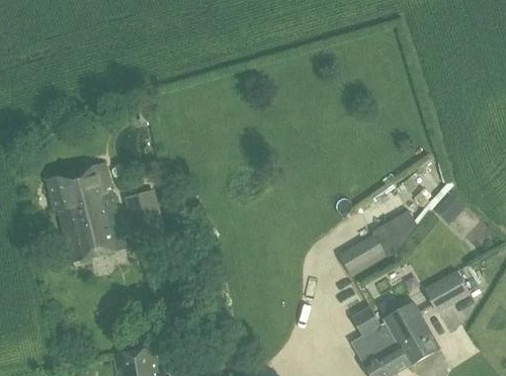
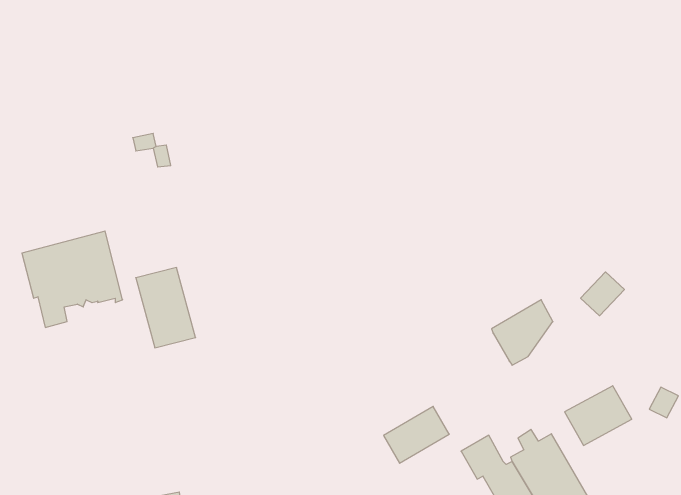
building: [62,211,124,262] -> none
building: [338,236,384,275] -> [384,406,449,463]

